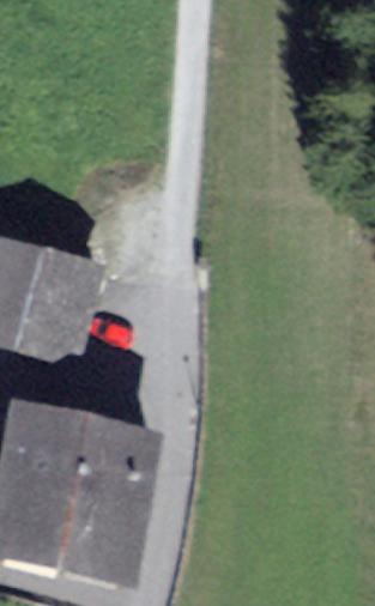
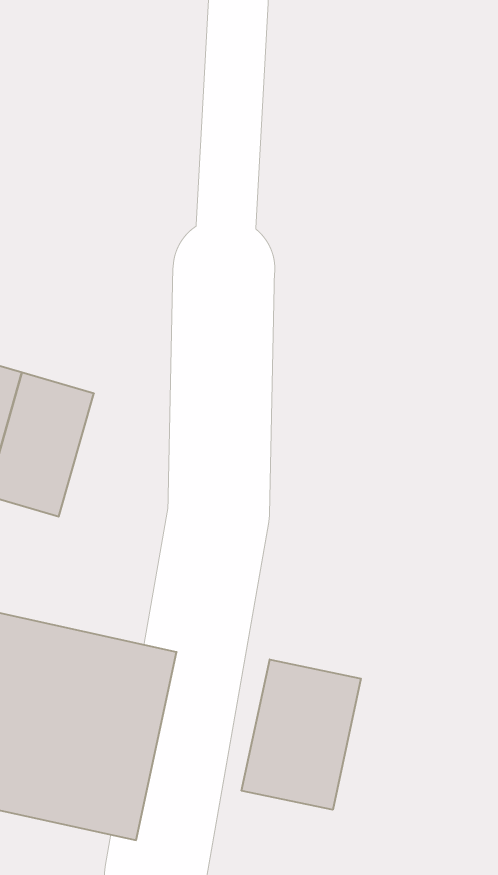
building: none -> [242,659,361,810]

